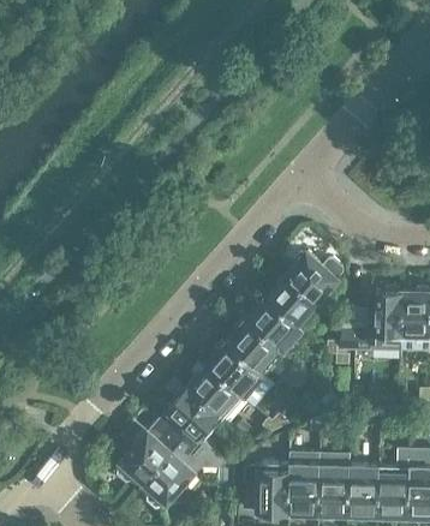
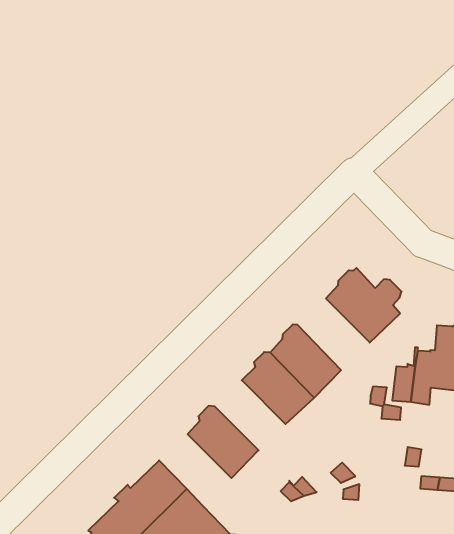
building: [265,275,322,330] -> none
building: [207,342,262,396] -> none
building: [167,387,223,442] -> none

